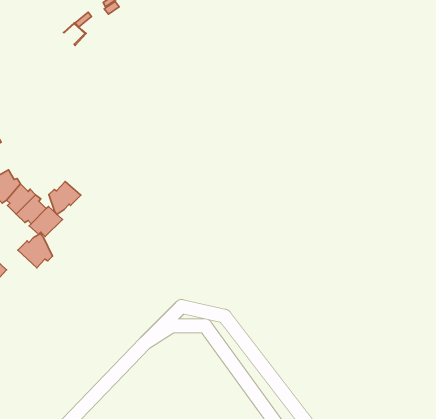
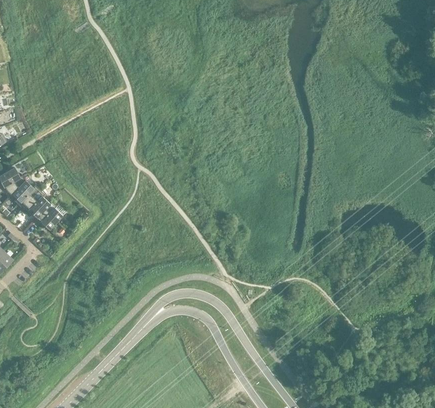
building: [49,181,81,214] -> none
building: [18,233,52,268] -> none

